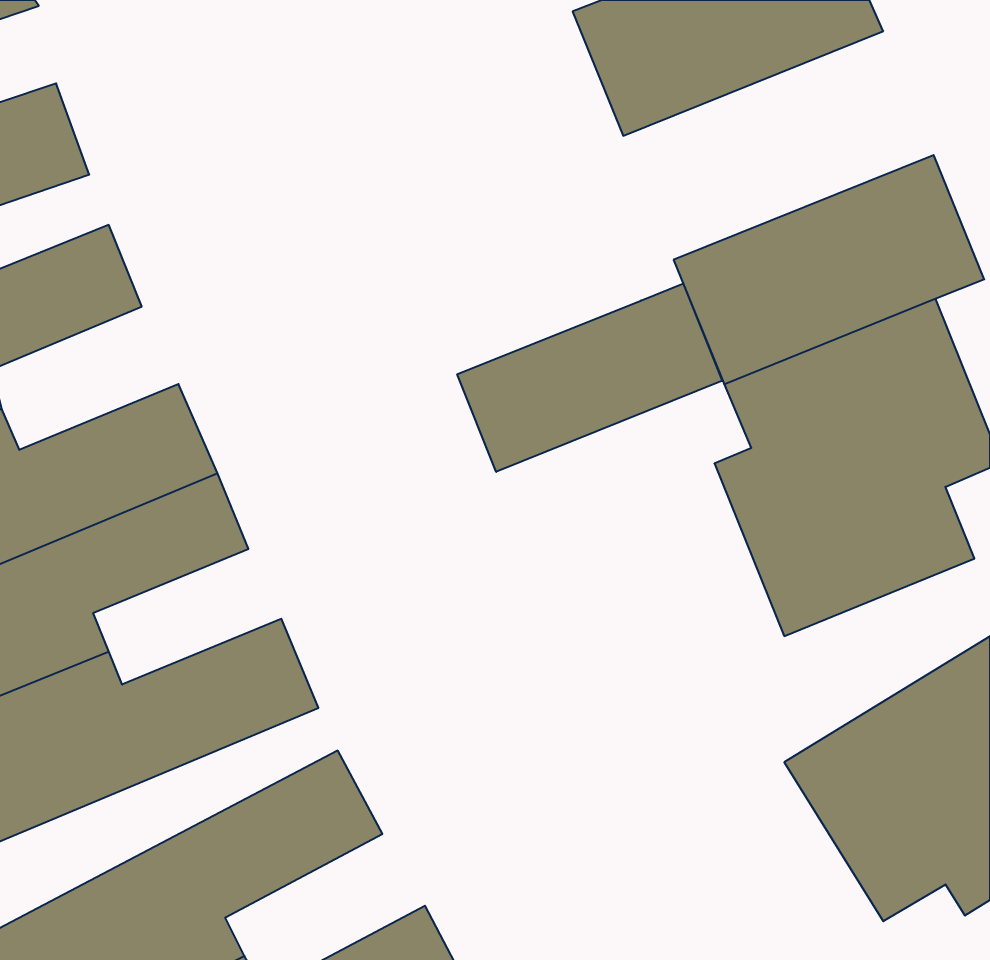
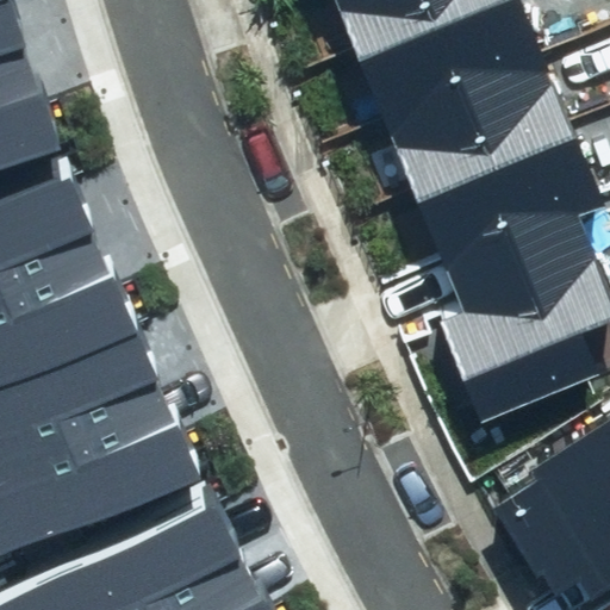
building: none -> [382,38,573,179]
building: [457,283,722,472] -> none

